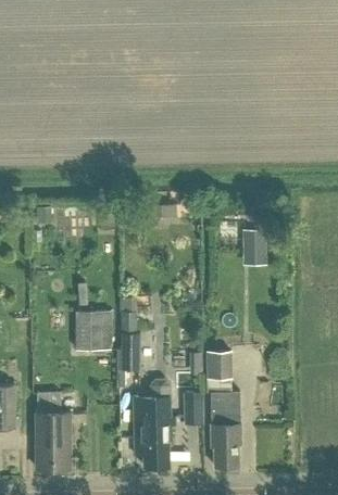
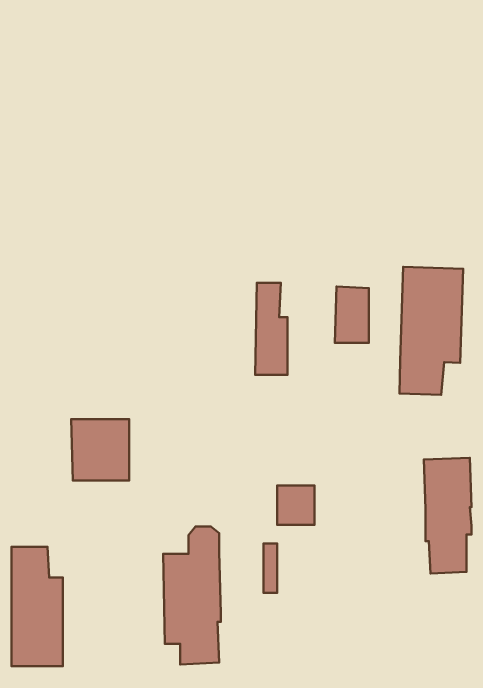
building: none -> [399,267,463,395]
building: [120,313,140,371] -> [255,283,288,375]
building: [210,393,240,467] -> [424,458,471,573]

